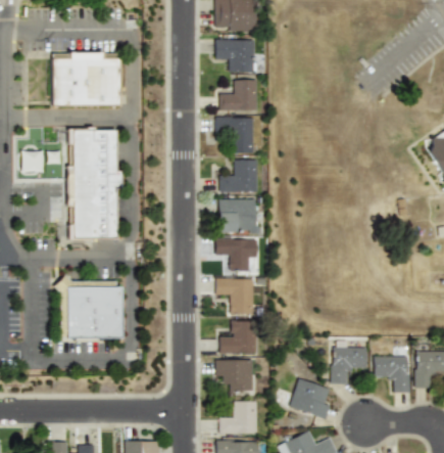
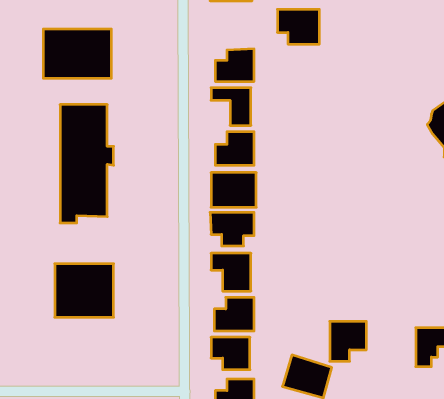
building: [216,39,257,73] -> [277,9,319,44]
building: [21,151,43,173] -> none
building: [375,348,410,393] -> none

